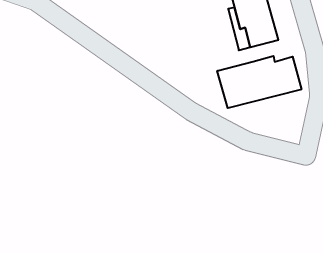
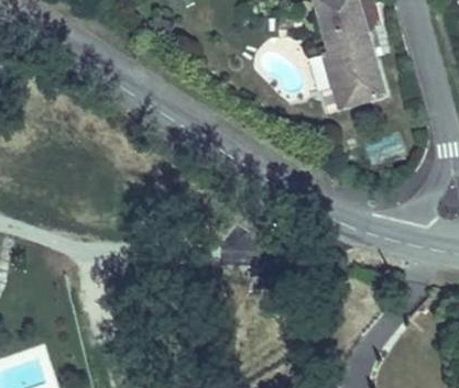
building: [217,56,301,108] -> none

